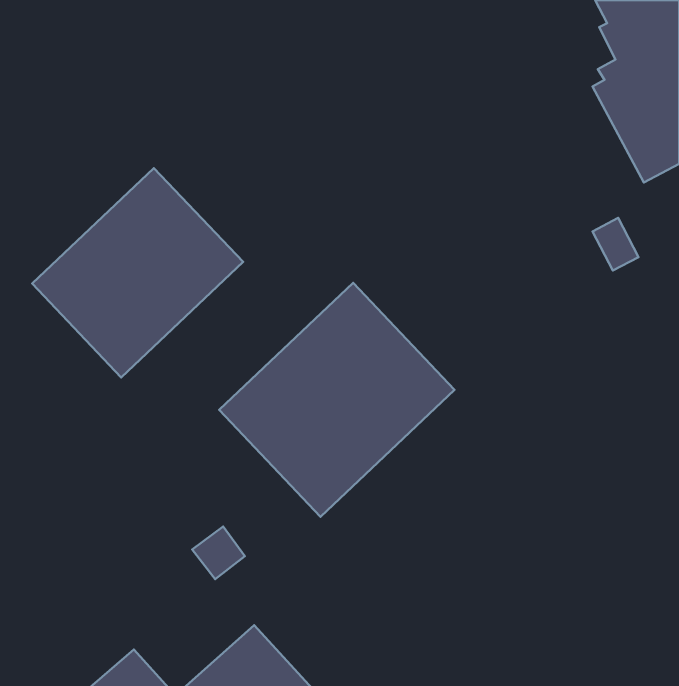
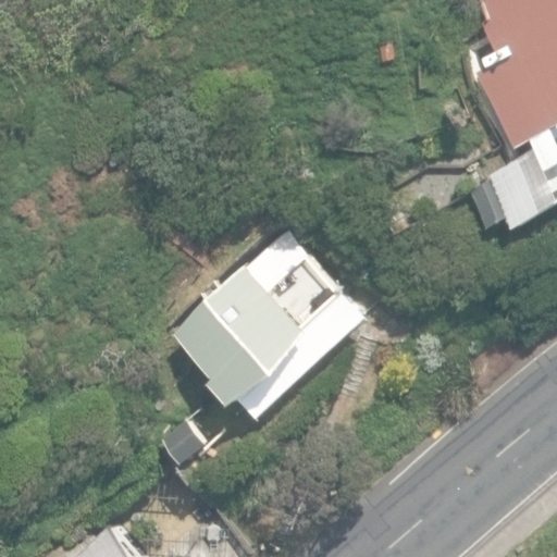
building: [32,168,243,378] -> none

